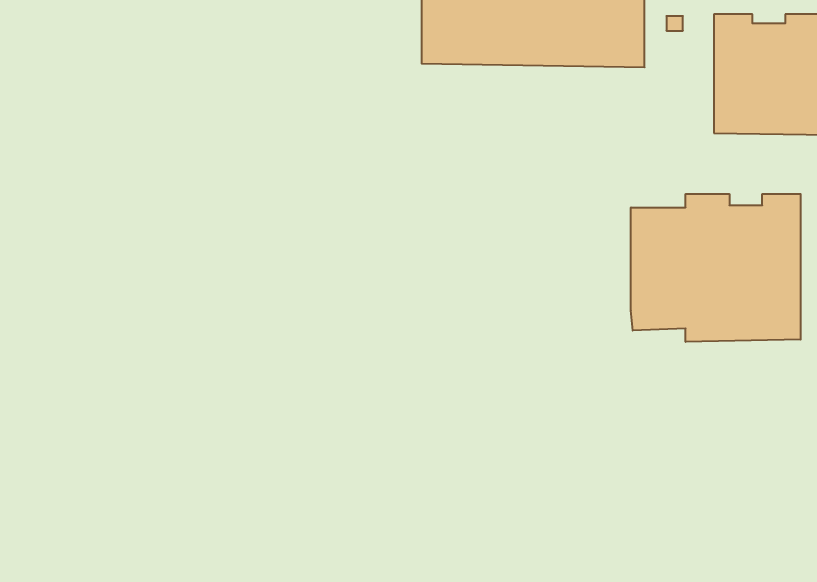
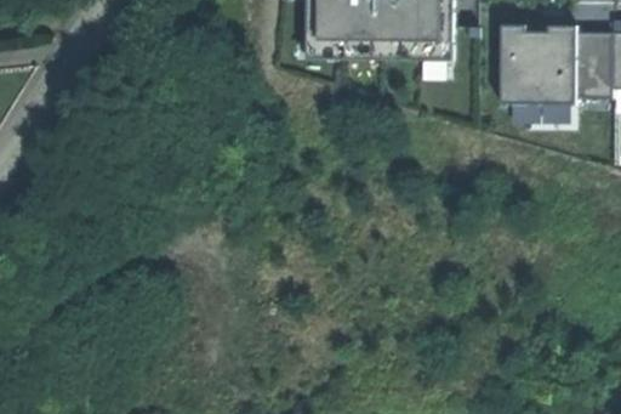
building: [631,194,801,342] -> none

